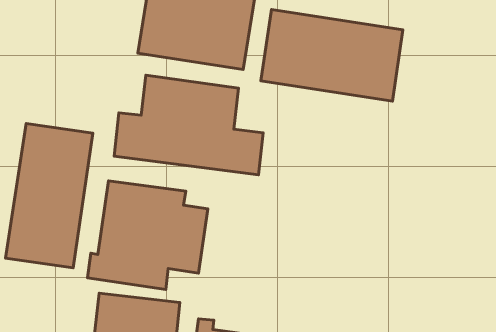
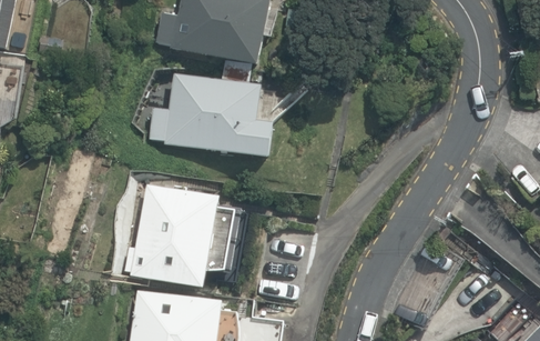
building: [261,9,403,101] -> none
building: [6,124,93,268] -> none

